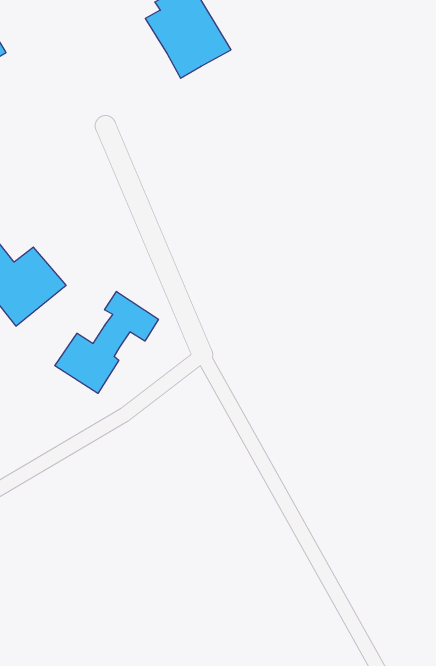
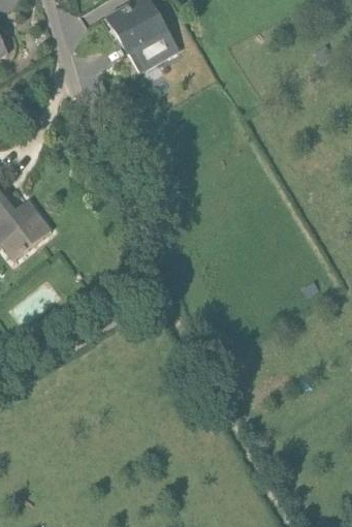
building: [55,291,158,393] -> none

